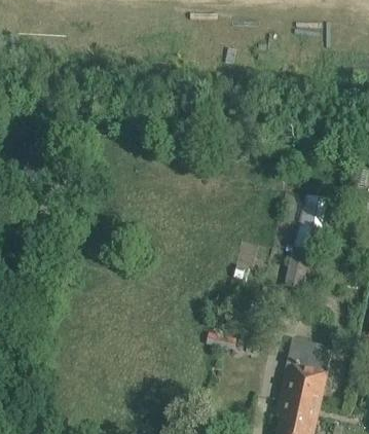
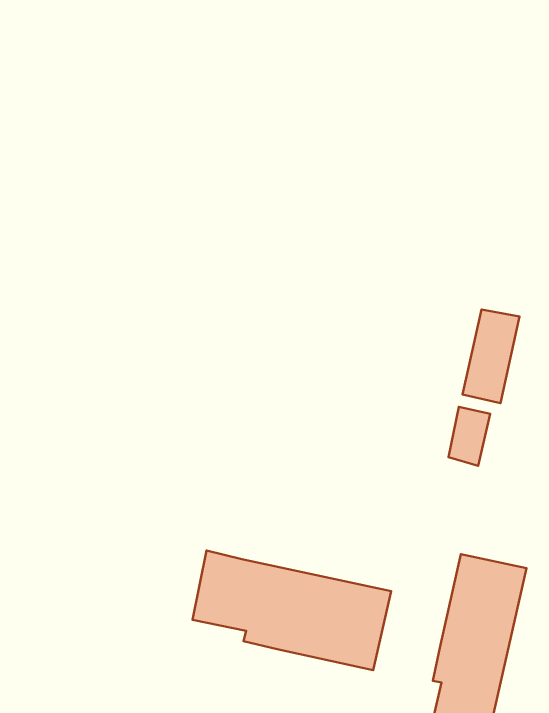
building: none -> [192,550,391,670]

